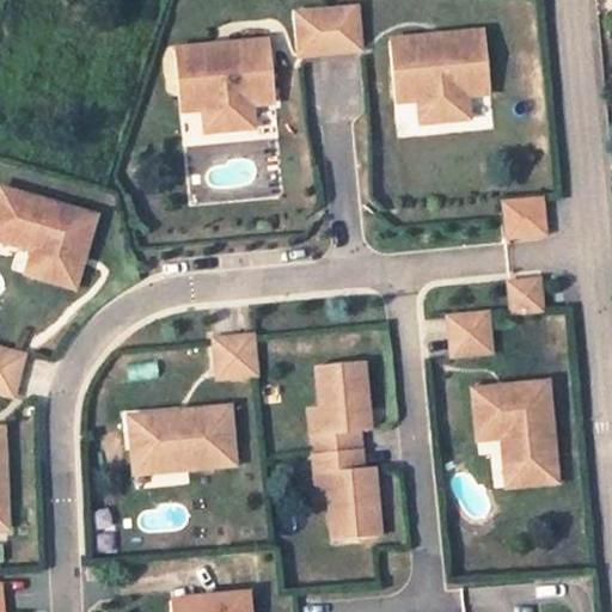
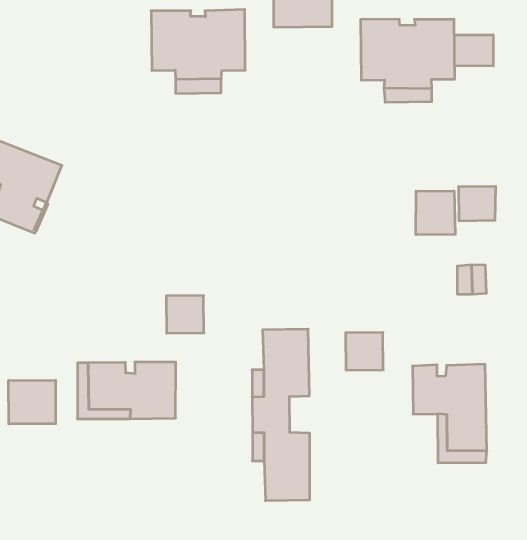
building: none -> [454,35,493,66]
building: none -> [416,191,455,235]
building: [449,312,491,354] -> [346,332,383,370]
building: none -> [9,380,56,424]

